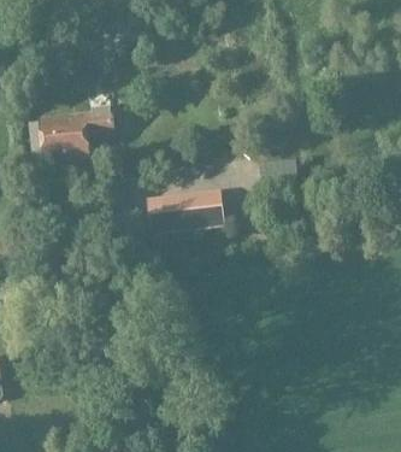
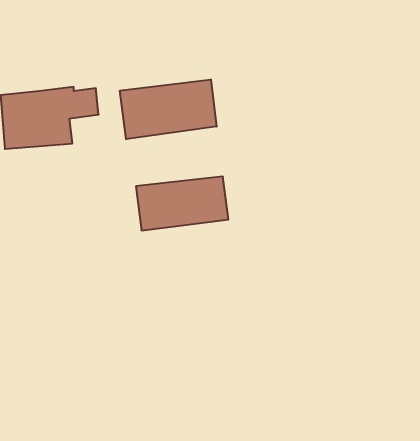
building: none -> [120,79,217,139]

